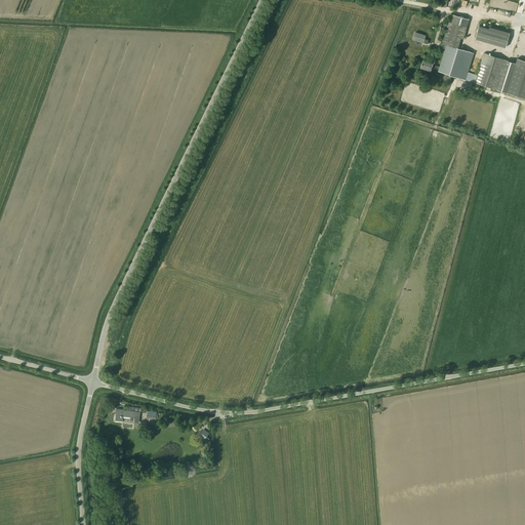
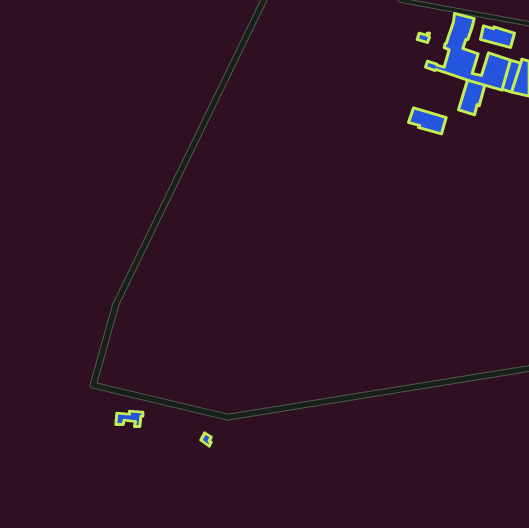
building: none -> [459,80,485,115]
building: none -> [408,108,446,134]

